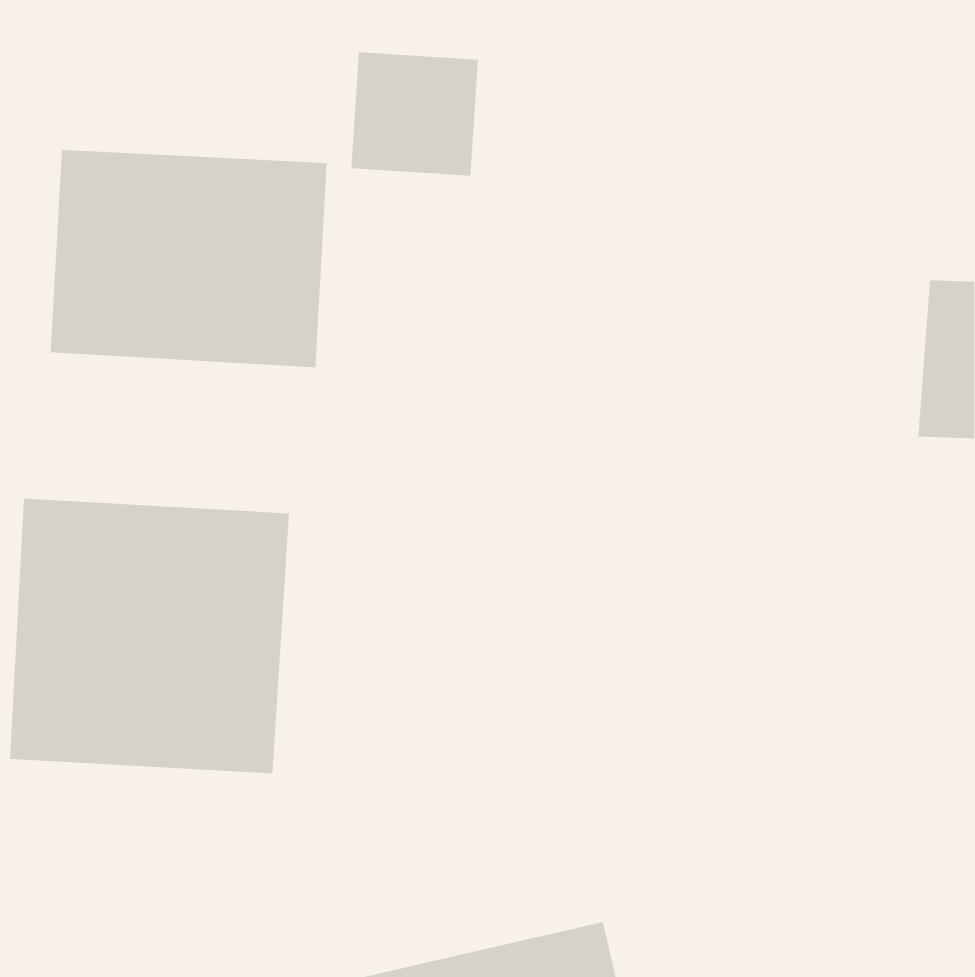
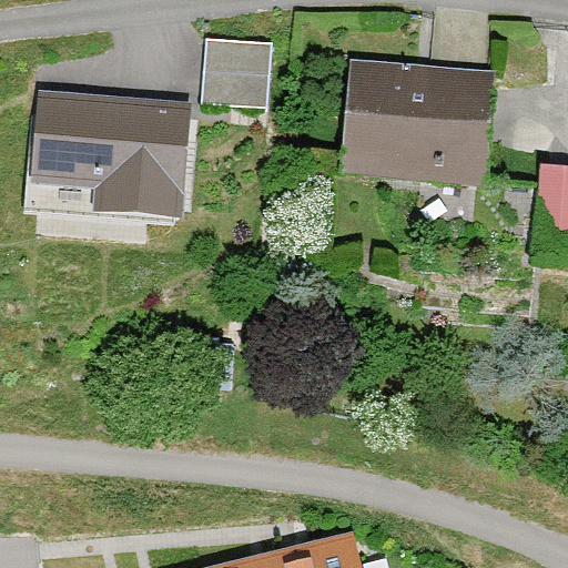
building: none -> [337,67,494,185]
building: [9,498,289,774] -> none

